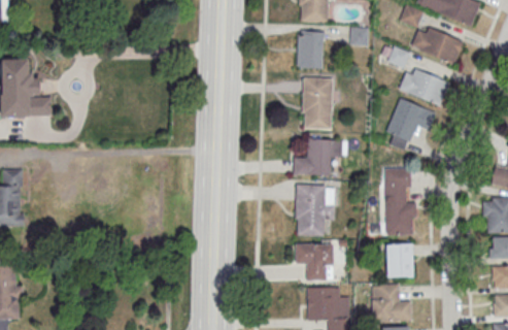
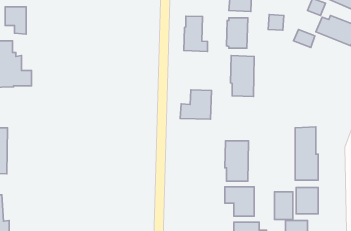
building: none -> [5,7,26,34]
building: none -> [184,16,208,51]
building: [399,66,448,105] -> none
building: [385,97,436,150] -> none
building: [295,138,334,175] -> [180,90,211,119]
building: none -> [275,192,293,220]

